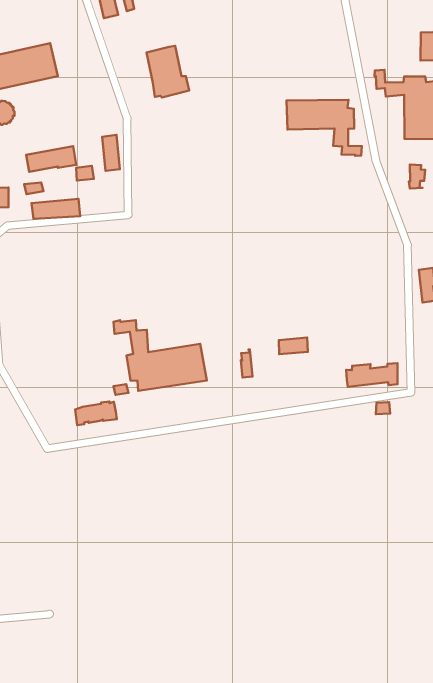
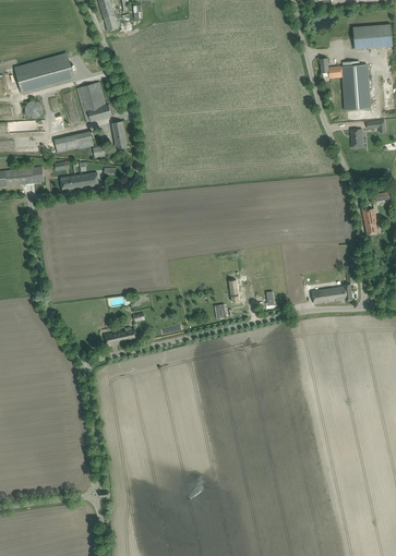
building: [146,46,189,97] -> [76,82,111,122]
building: [286,100,362,156] -> none
building: [113,320,207,391] -> none

